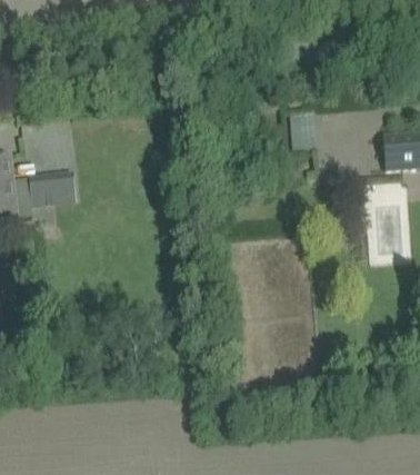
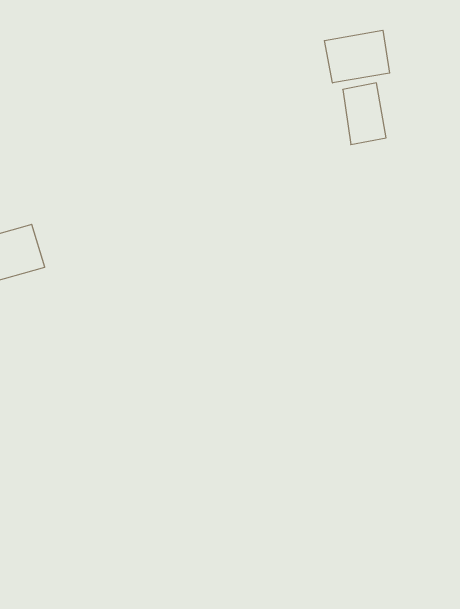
building: none -> [324,30,390,83]

